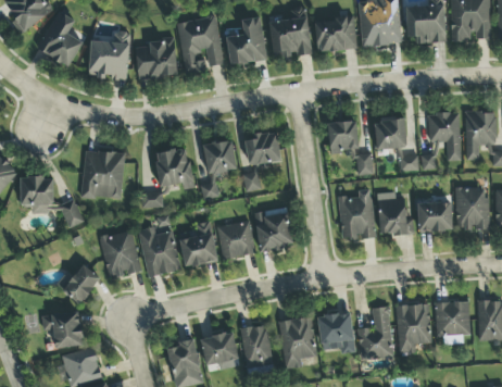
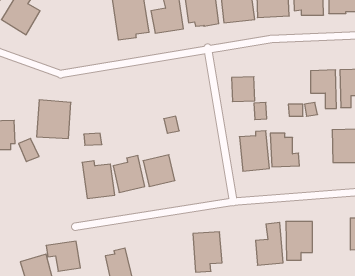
building: [88,30,133,80] -> none
building: [137,38,177,78] -> none
building: [375,117,406,149] -> none
building: [247,132,280,163] -> none
building: [201,140,237,199] -> none
building: [155,147,194,189] -> none
building: [418,202,452,232] -> none
building: [254,208,293,251] -> none
building: [100,229,141,278] -> none
building: [57,264,100,303] -> none
building: [435,301,470,336] -> none
building: [41,311,85,349] -> [46,241,80,271]
building: [318,313,355,353] -> none
building: [239,324,273,367] -> none
building: [201,332,240,369] -> none

